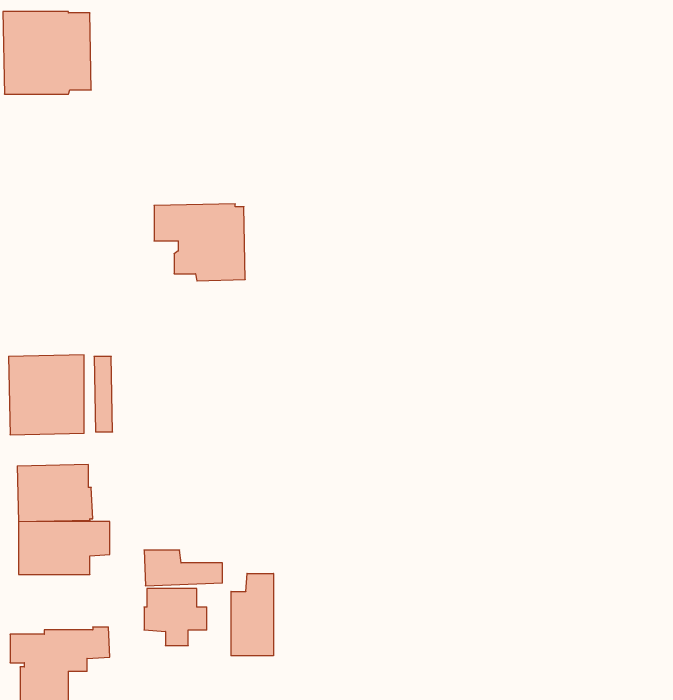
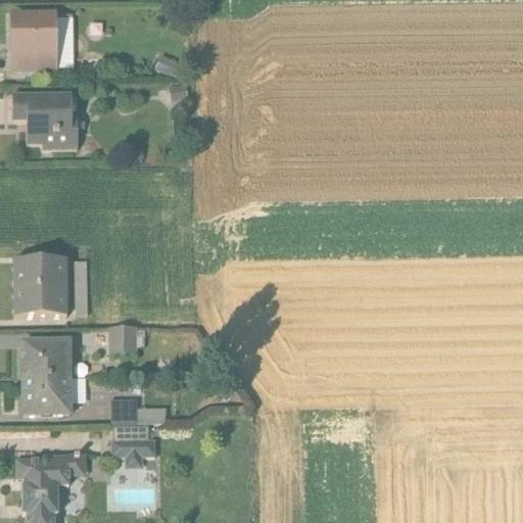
building: [154,204,245,281] -> [12,93,78,148]
building: none -> [109,325,144,351]
building: [231,573,273,656] -> none

